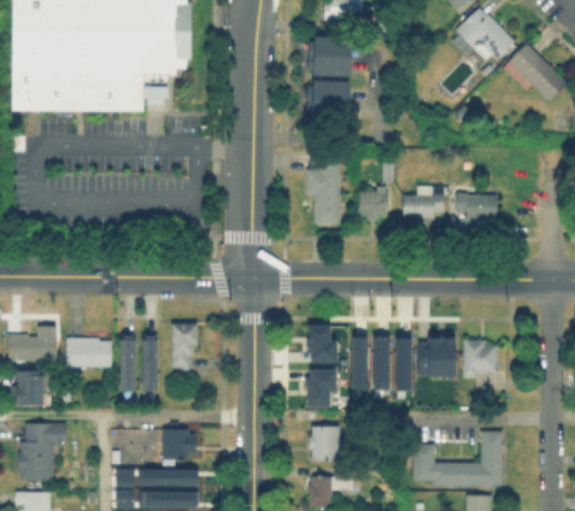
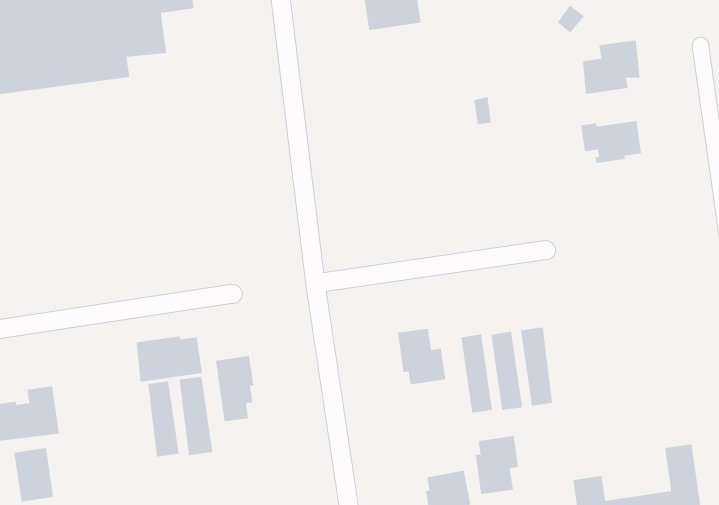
building: [306,149,340,224] -> none
building: [401,187,444,221] -> [582,40,640,94]
building: [357,189,387,223] -> none
building: [415,334,451,375] -> none
building: [64,340,110,369] -> [136,336,203,382]
building: [463,341,497,378] -> none
building: [303,368,333,406] -> [475,436,519,495]

